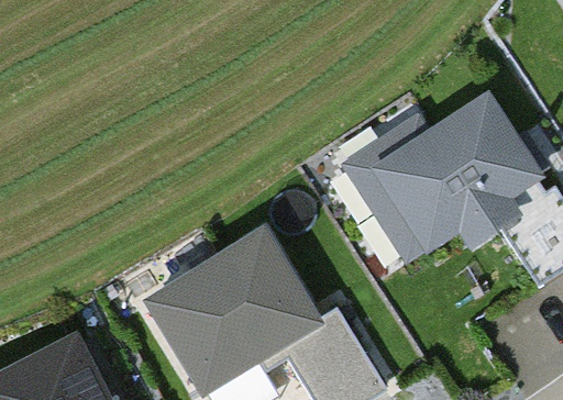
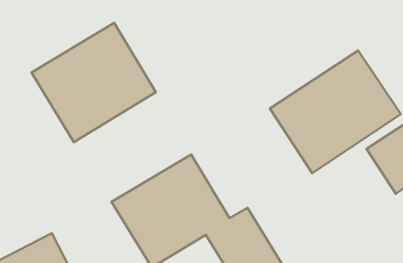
building: none -> [31,23,156,142]

